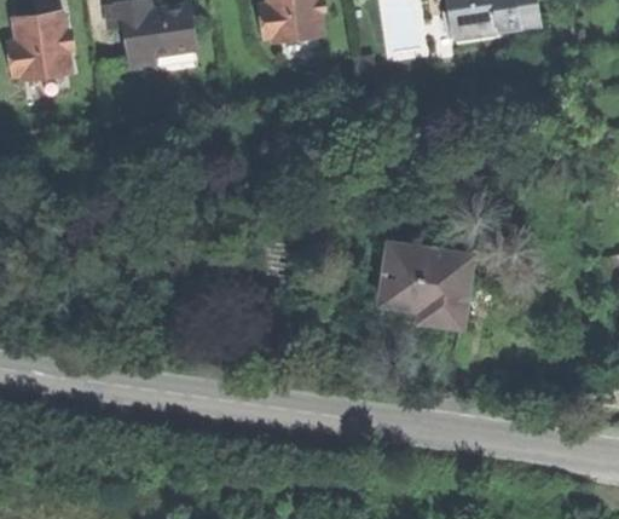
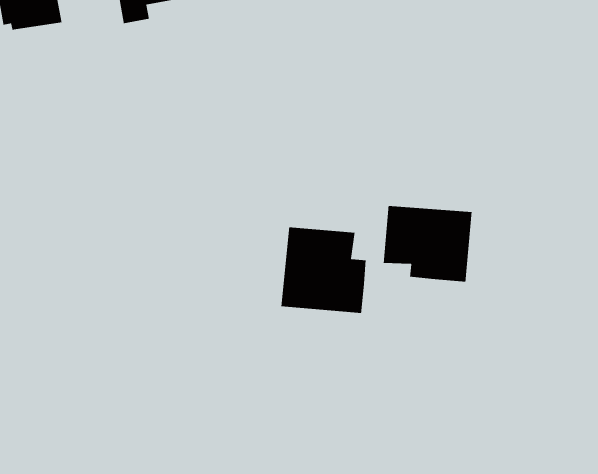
building: none -> [280,227,366,314]

